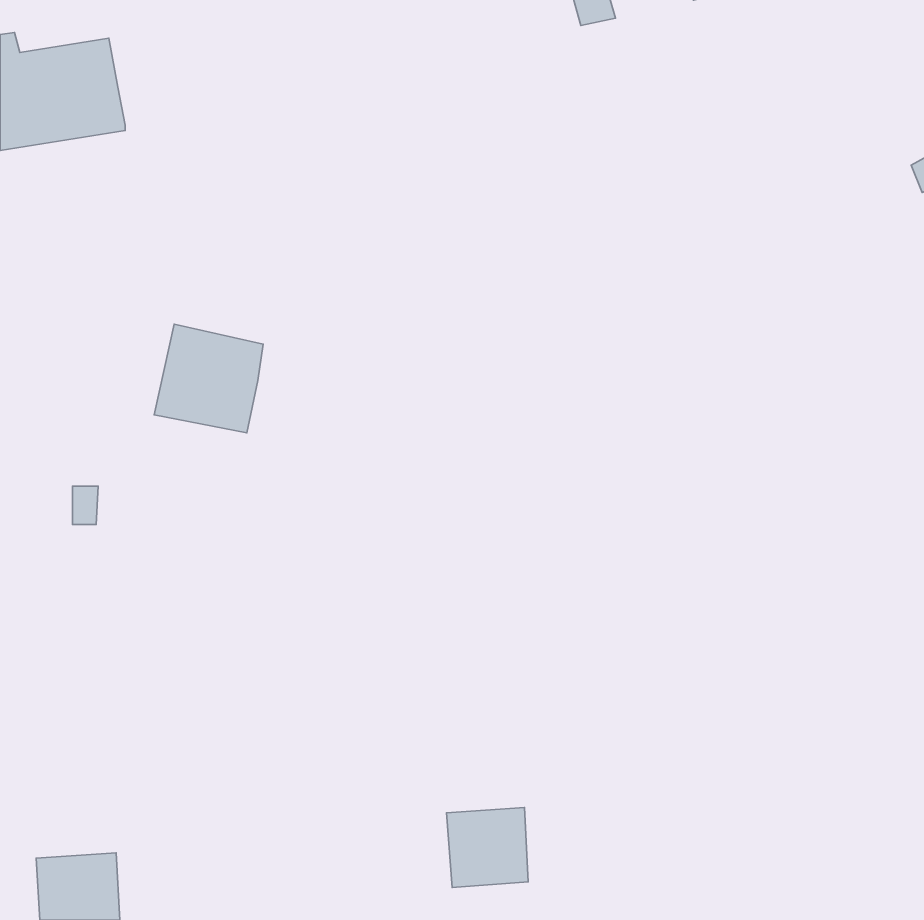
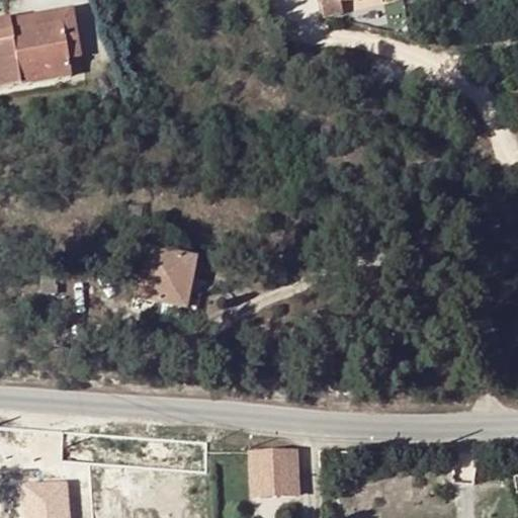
building: none -> [10,8,80,49]
building: [154,324,263,433] -> [138,247,198,308]

